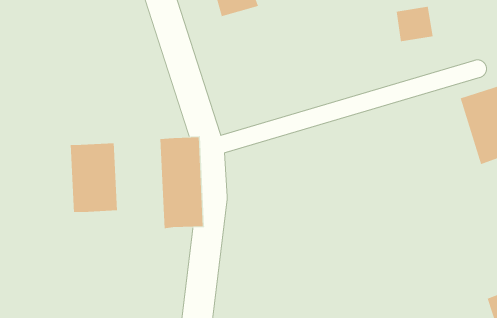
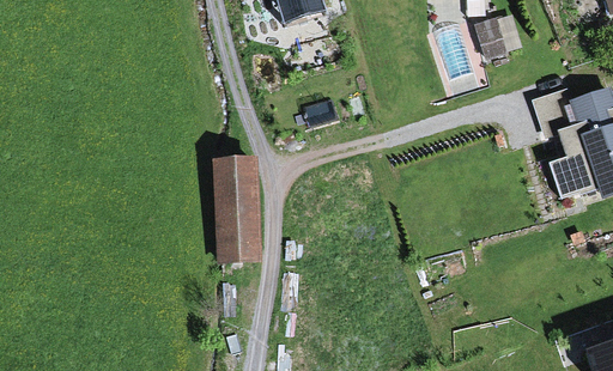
building: [70,142,117,213] -> none

